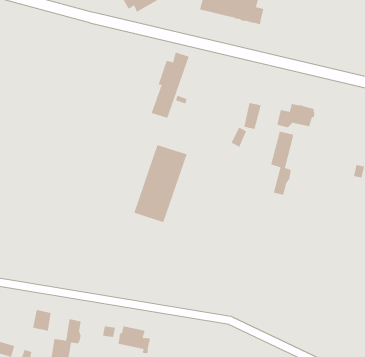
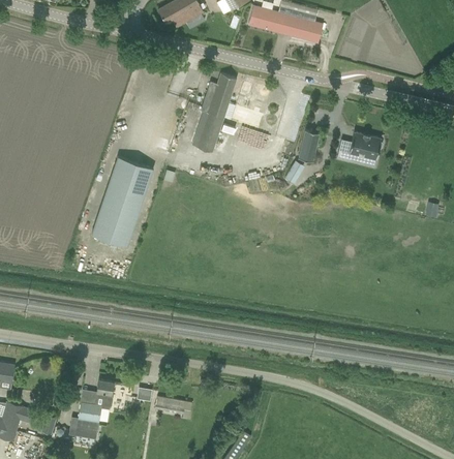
building: [270,131,294,196] -> none
building: [133,144,187,223] -> [91,157,153,247]
building: [33,309,51,332] -> none

